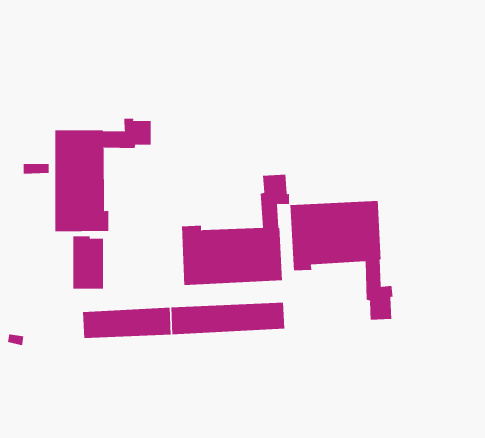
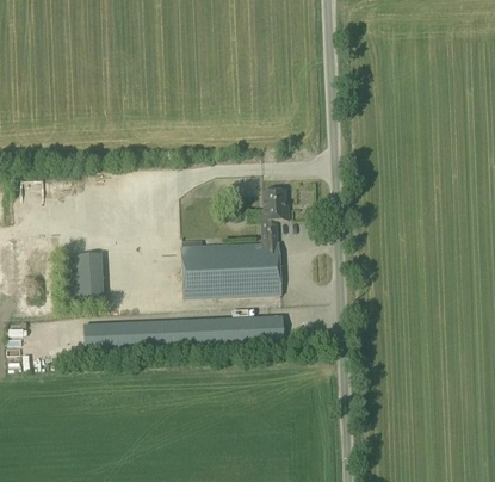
building: [55,118,151,232] -> none
building: [290,200,393,320] -> none

